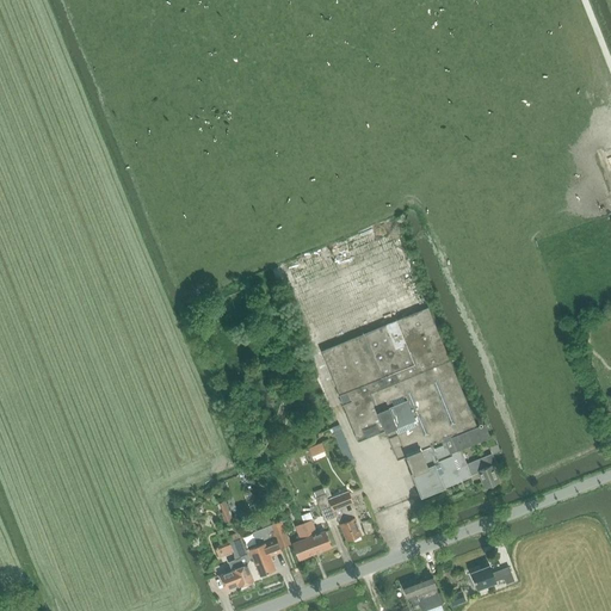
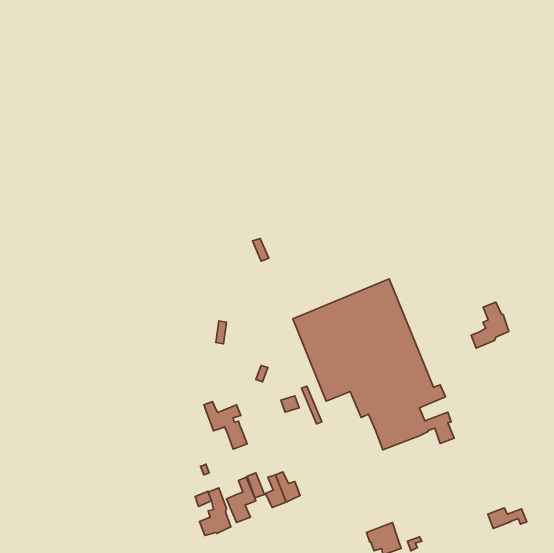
building: none -> [471,302,509,348]
building: [314,489,362,542] -> [204,402,247,449]
building: [471,567,514,590] -> [488,508,527,528]

